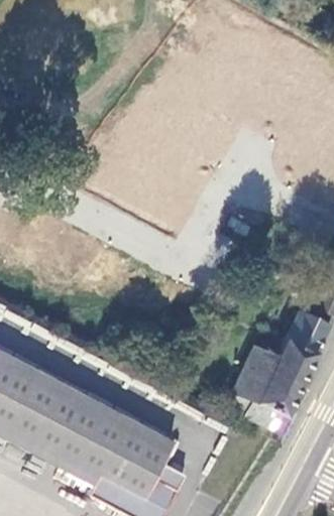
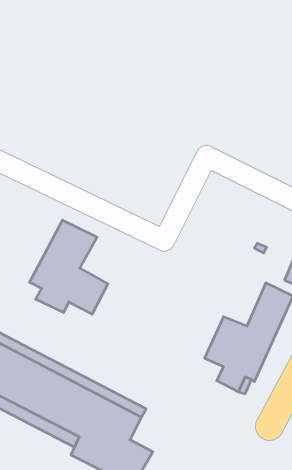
building: none -> [30,220,108,314]

